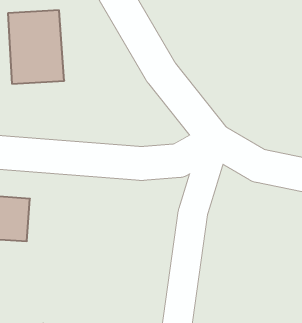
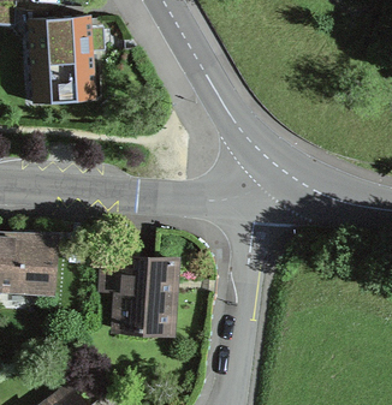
building: none -> [99,256,173,335]

